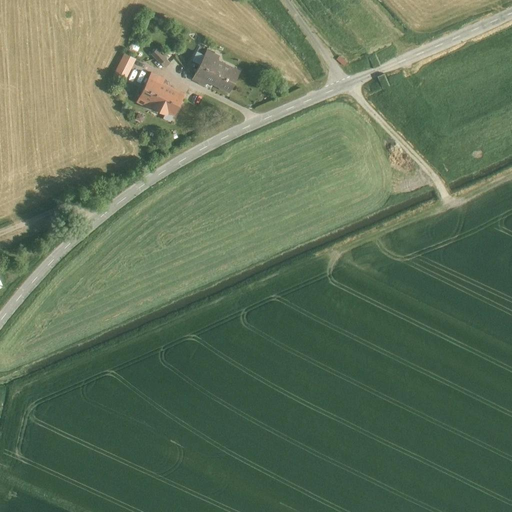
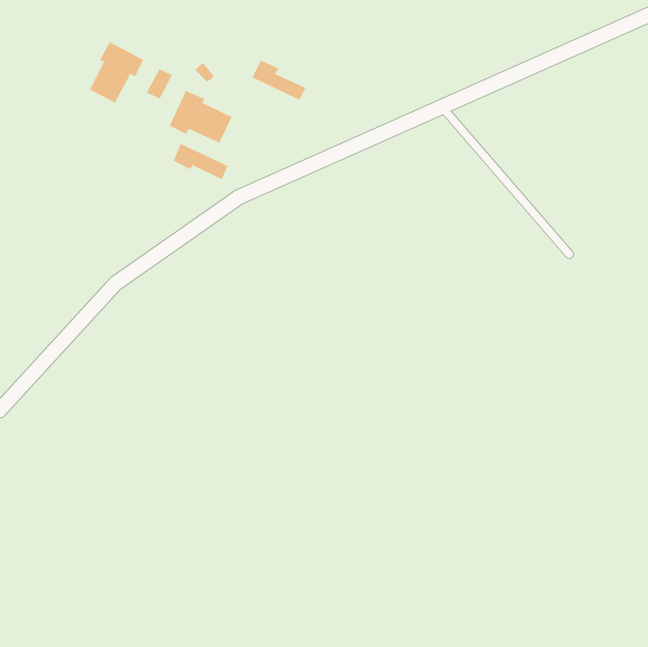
building: none -> [89,42,144,103]
building: [192,63,236,92] -> [173,143,229,180]

